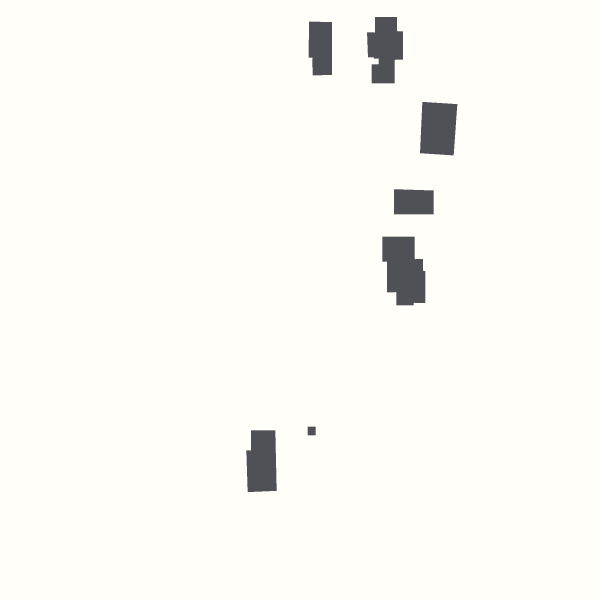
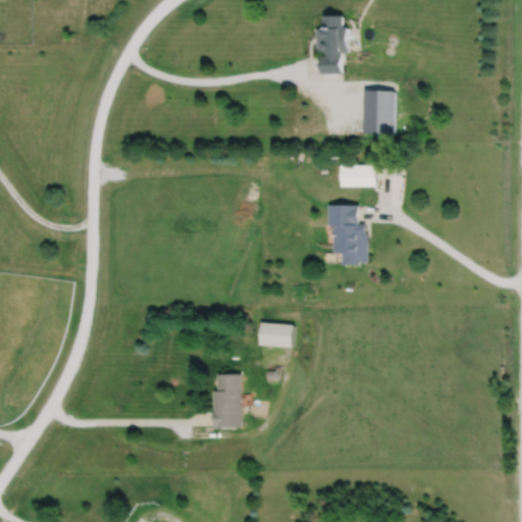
building: [308,21,332,76] -> none
building: none -> [258,321,293,346]

